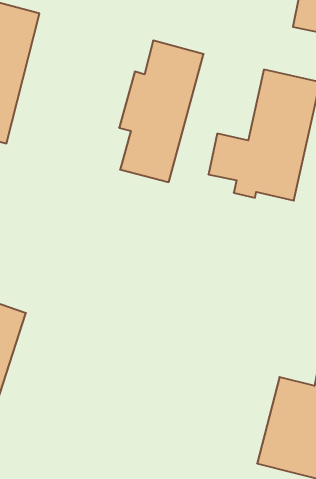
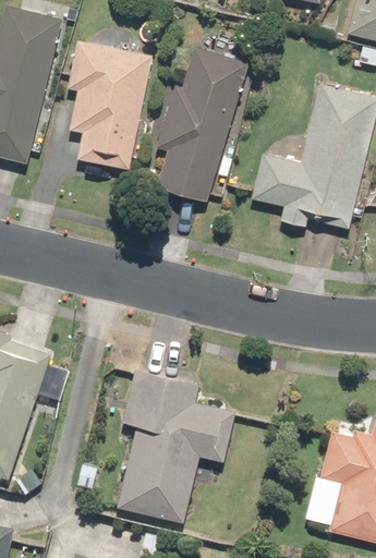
building: none -> [66,43,151,170]
building: none -> [113,369,235,524]

